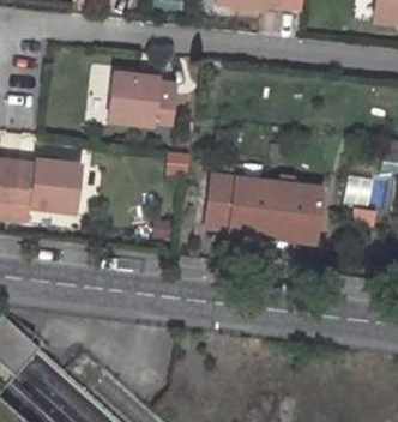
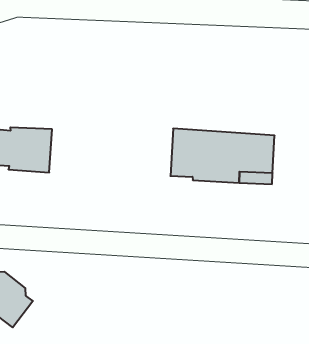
building: [109,73,175,125] -> none

